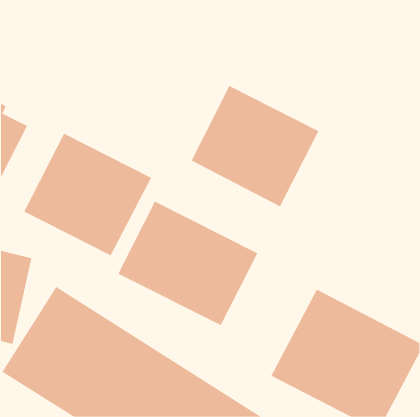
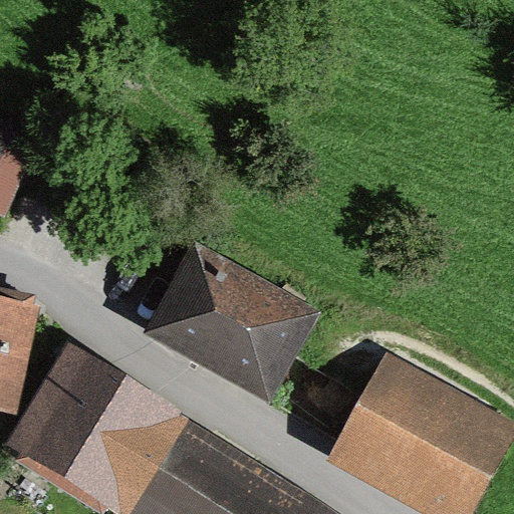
building: [191,85,319,207] -> none
building: [24,133,152,256] -> none

